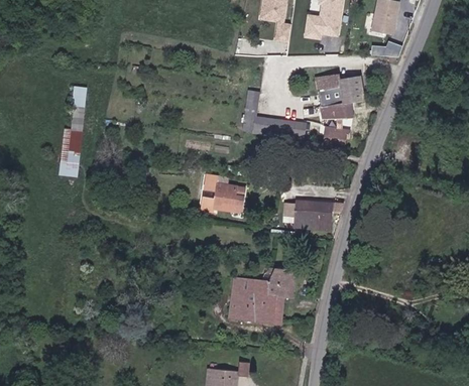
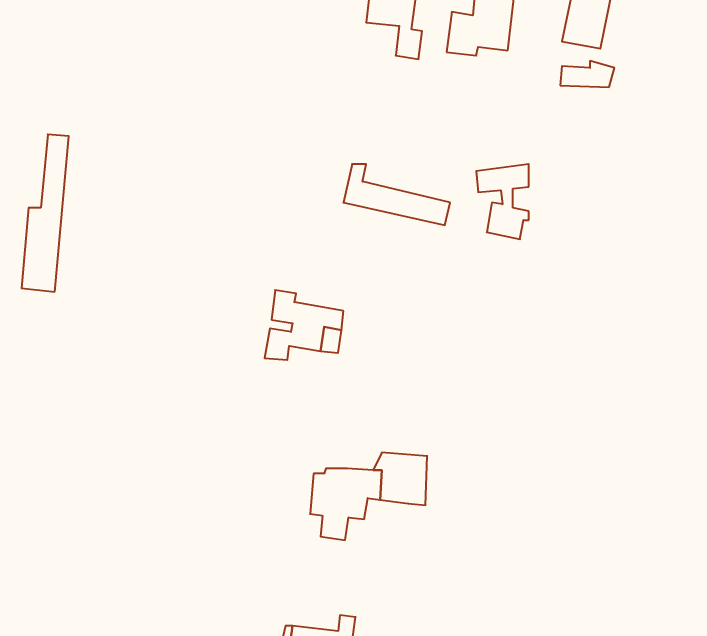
building: [318,73,365,107] -> none
building: [297,199,346,231] -> none
building: [245,295,281,325] -> none

